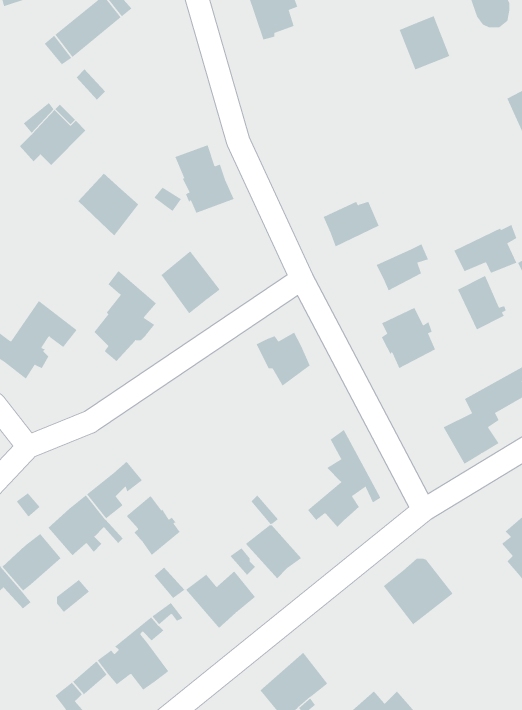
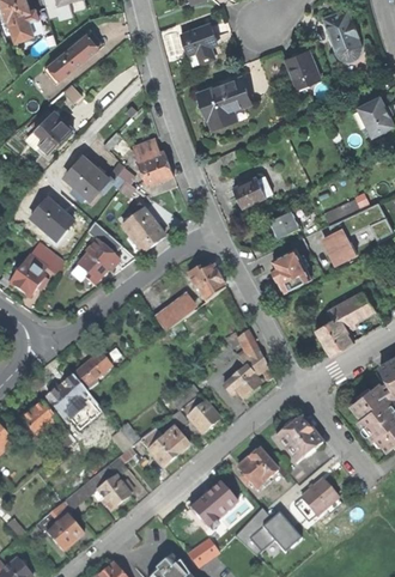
building: none -> [196,78,249,129]
building: none -> [31,200,68,242]
building: none -> [154,296,194,332]
building: [126,495,181,556] -> none
building: none -> [236,449,285,488]
building: none -> [299,479,336,515]

